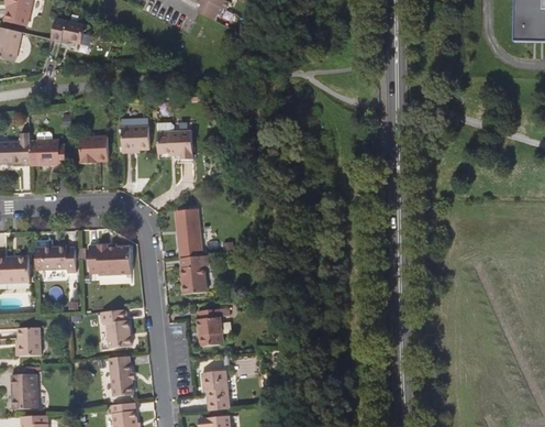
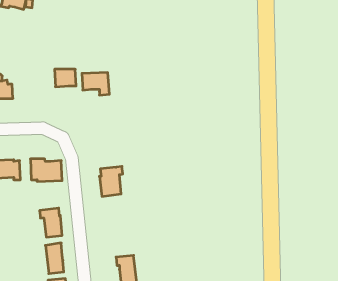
building: [80,135,109,163] -> none
building: [176,207,202,256] -> none
building: [198,307,223,343] -> none

